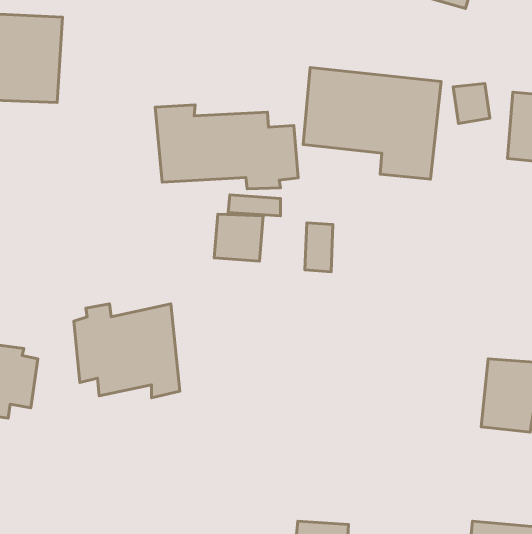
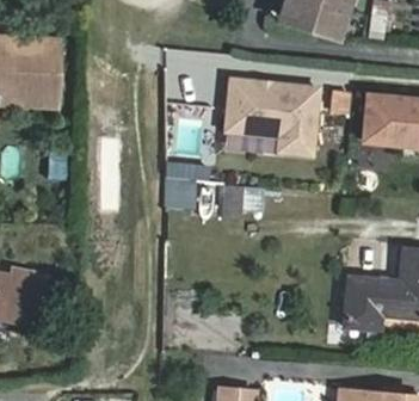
building: [155,105,298,189] -> none
building: [74,304,180,398] -> none

